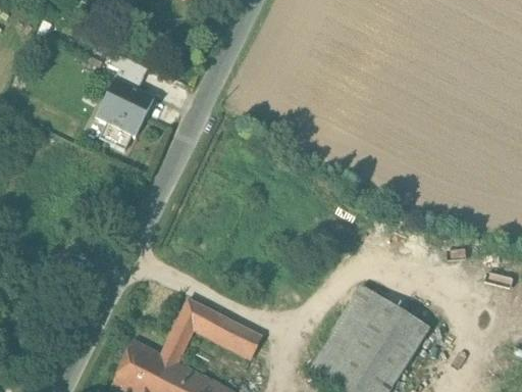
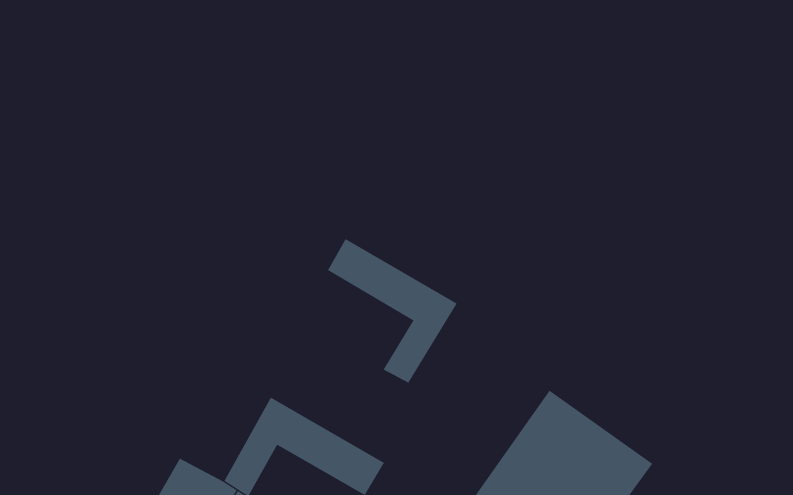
building: [95,79,154,137] -> none
building: none -> [327,238,457,383]

